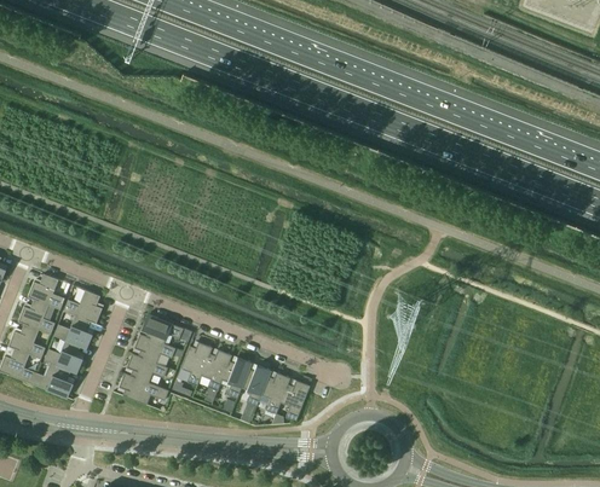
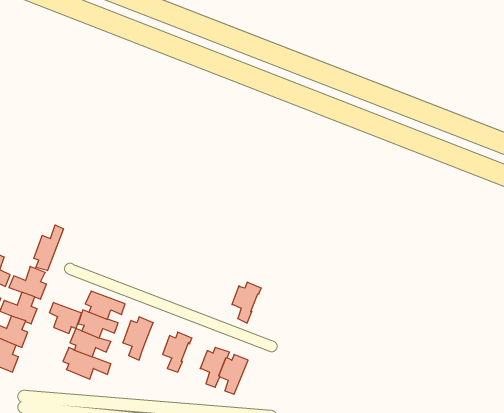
building: none -> [34,225,63,271]
building: none -> [49,302,82,333]
building: [201,349,231,390] -> none
building: [241,364,271,406] -> [232,282,261,323]

